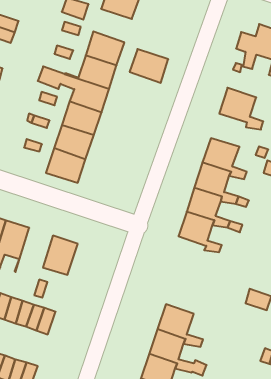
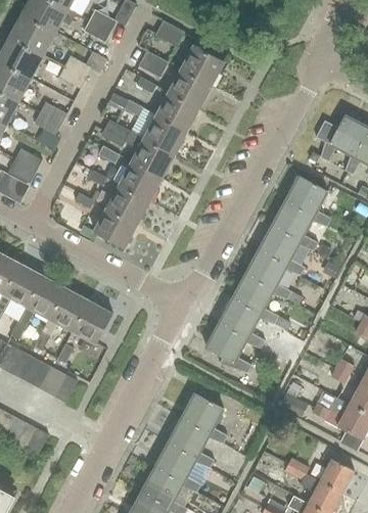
building: [130,49,168,83] -> [169,69,212,109]
building: none -> [273,201,318,250]
building: none -> [35,287,89,351]
building: none -> [206,323,251,372]

